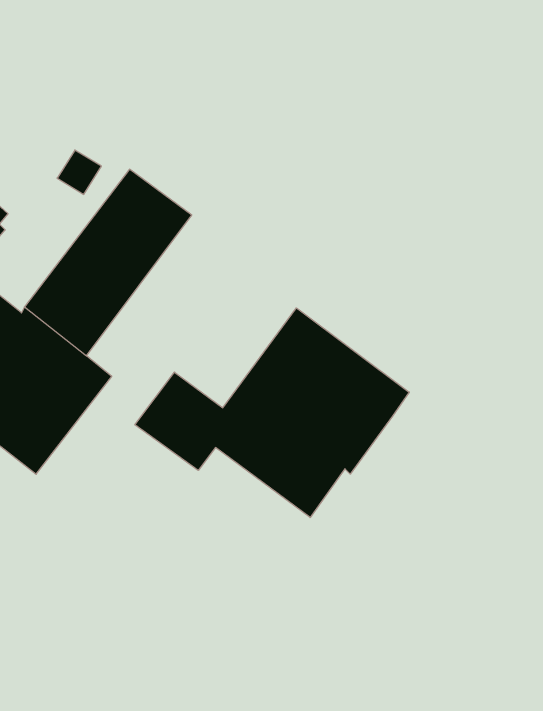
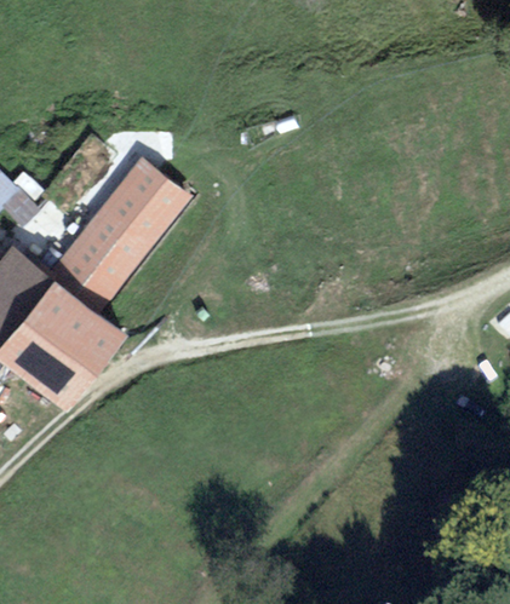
building: [135,308,409,518] -> none

